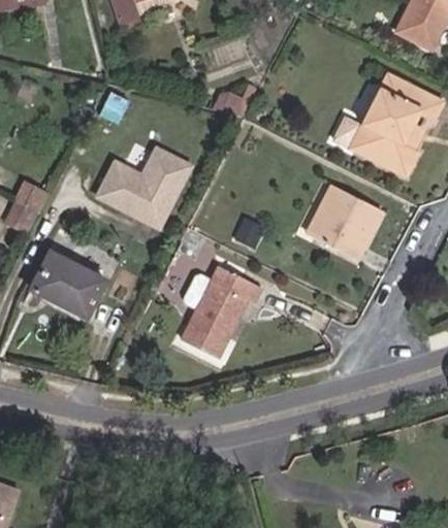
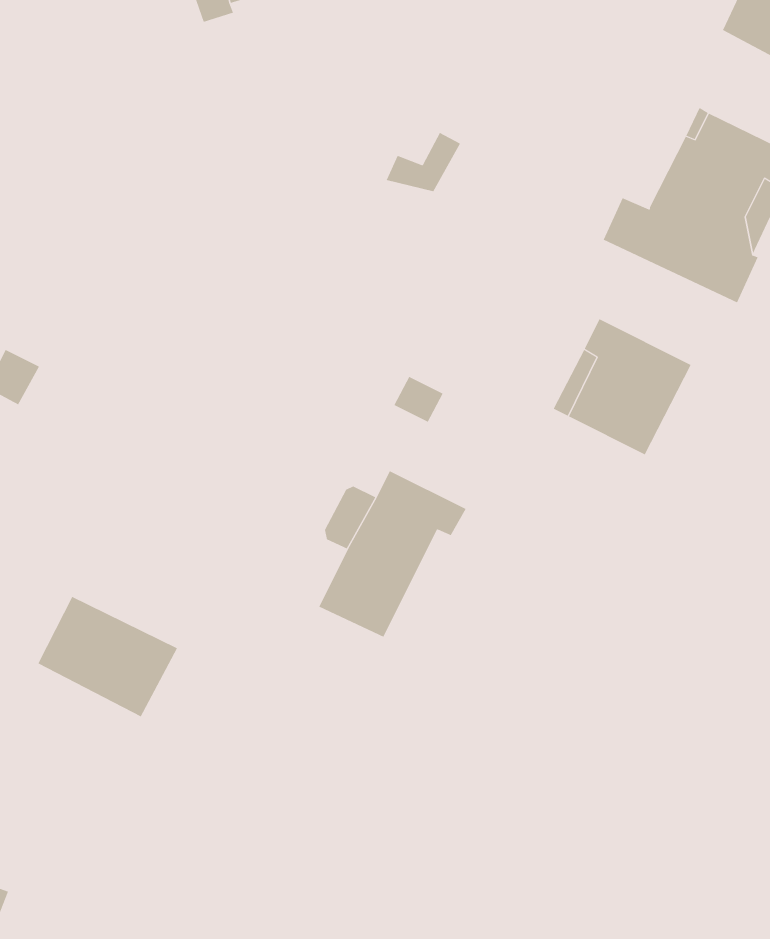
building: [93,143,194,230] -> none
building: [30,253,105,318] -> [37,596,178,717]

